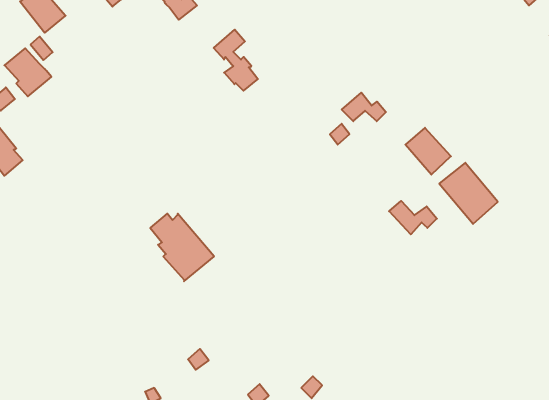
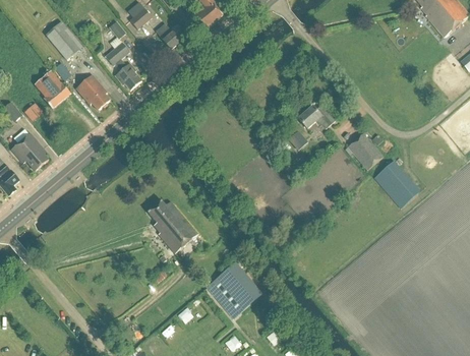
building: [214,30,258,91] -> [106,42,140,90]
building: none -> [75,74,109,110]
building: [389,201,437,234] -> none
building: none -> [205,262,261,318]

